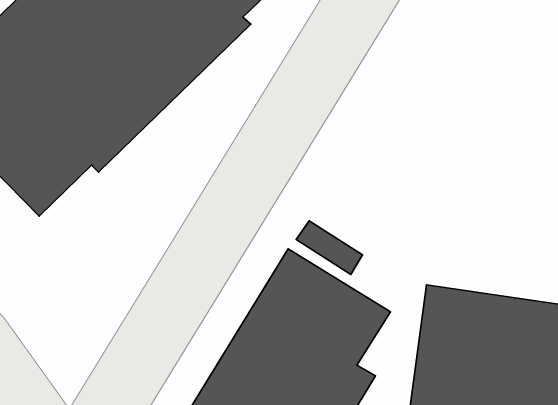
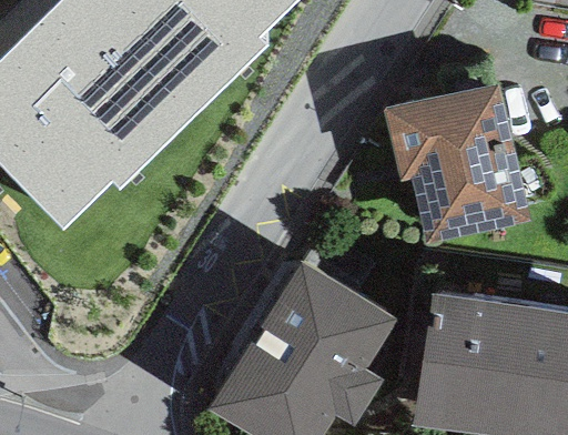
building: none -> [385,82,530,242]

